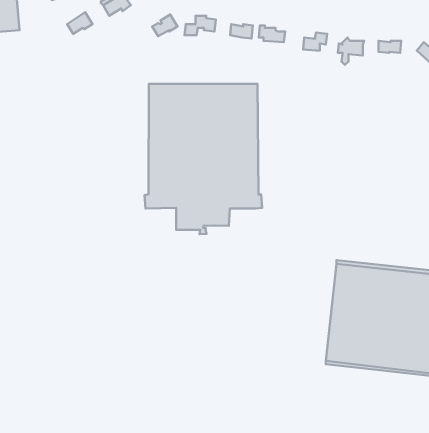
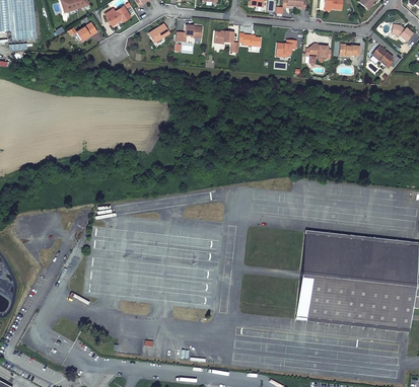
building: [145,84,262,234] -> none

